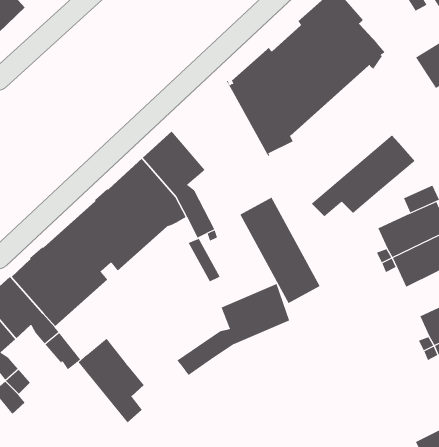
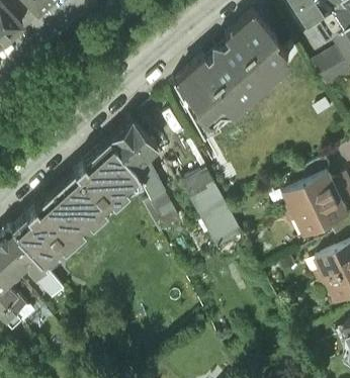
building: [311,135,416,217] -> none
building: [177,283,290,376] -> none
building: [78,338,144,423] -> none

